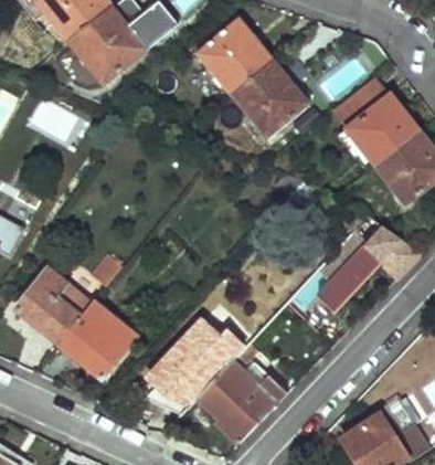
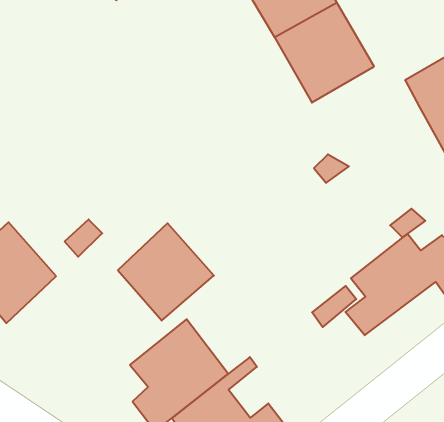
building: [61,303,135,378] -> [118,223,214,321]

